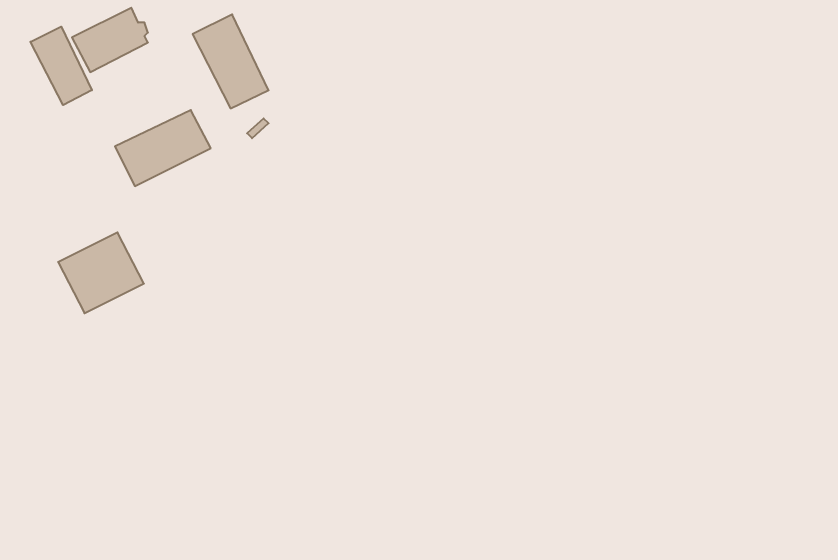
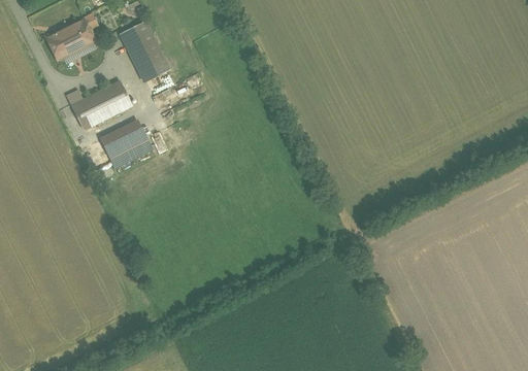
building: [30,27,92,105] -> none
building: [58,232,144,313] -> [99,116,153,167]

